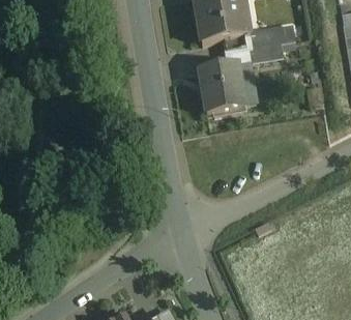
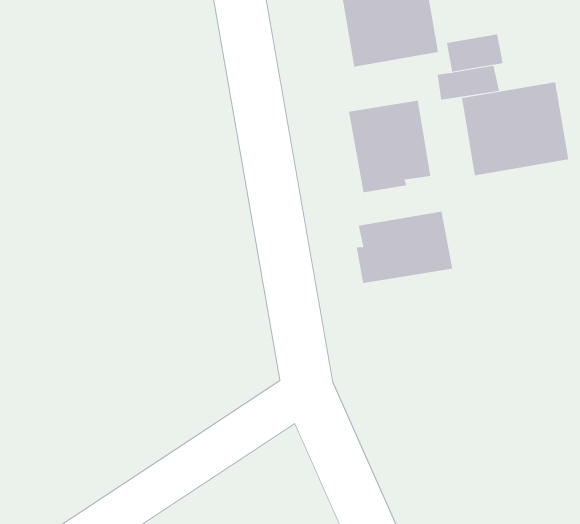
building: none -> [461,82,569,176]
building: none -> [356,211,453,284]

